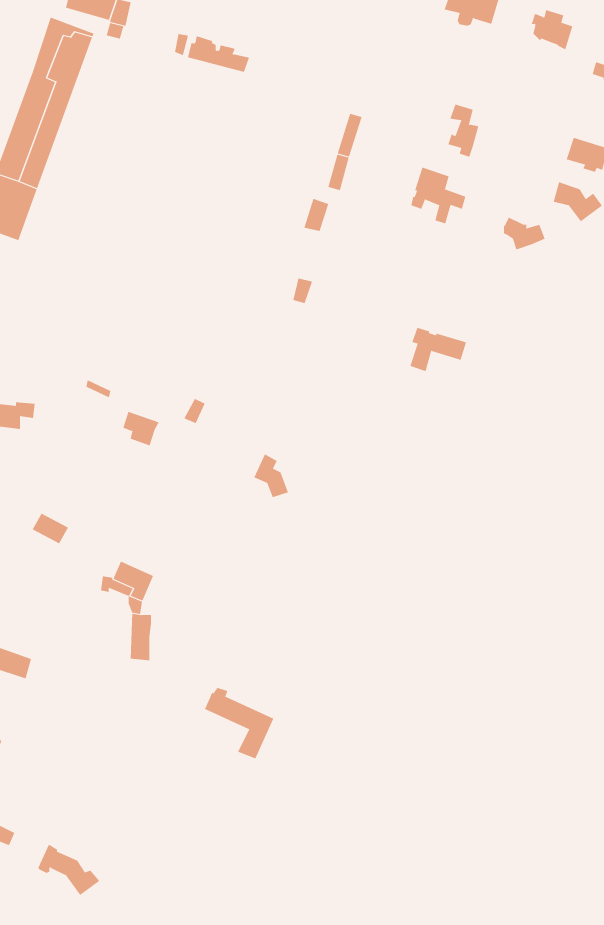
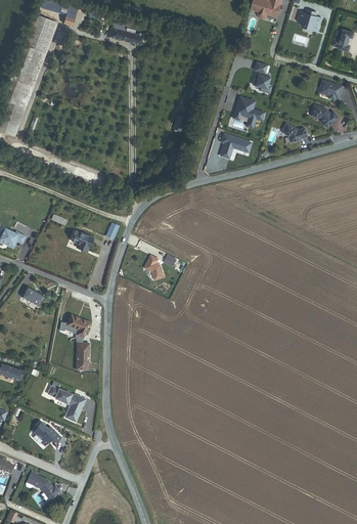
building: [410,327,467,372] -> [220,134,252,159]
building: [204,687,274,759] -> [47,381,86,421]
building: none -> [33,420,62,445]

